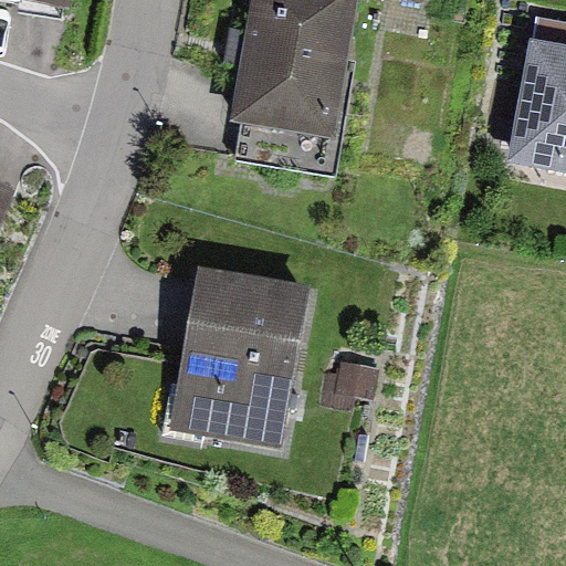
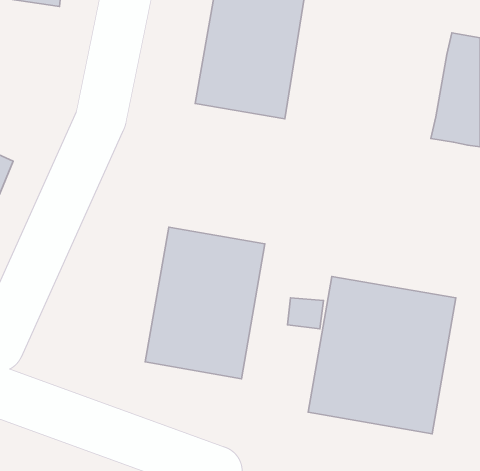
building: none -> [308,276,456,434]

